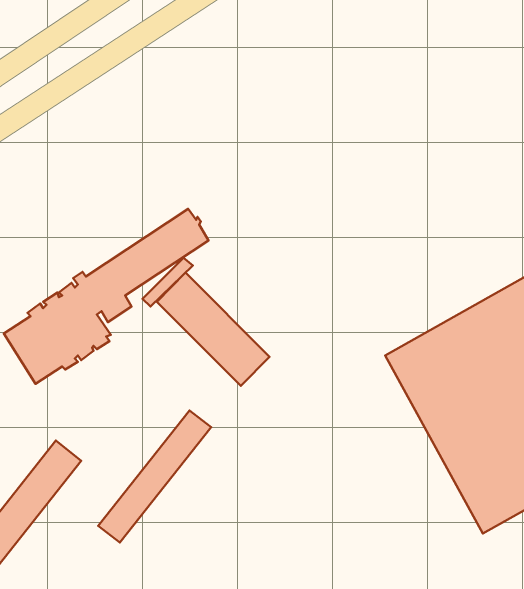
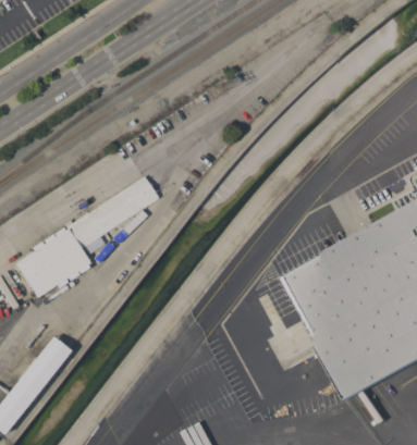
building: [157,273,270,386] -> none
building: [98,411,211,542] -> none

